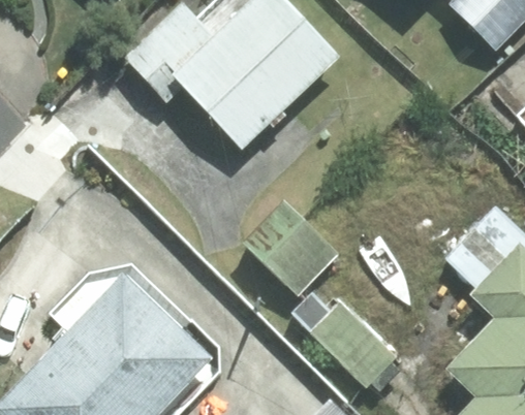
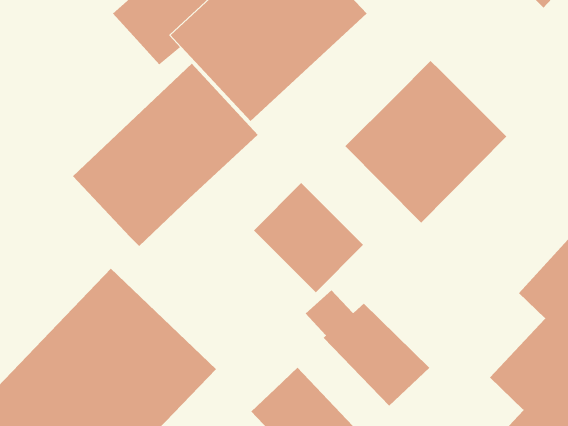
building: none -> [344,60,507,223]
building: none -> [72,63,258,247]

